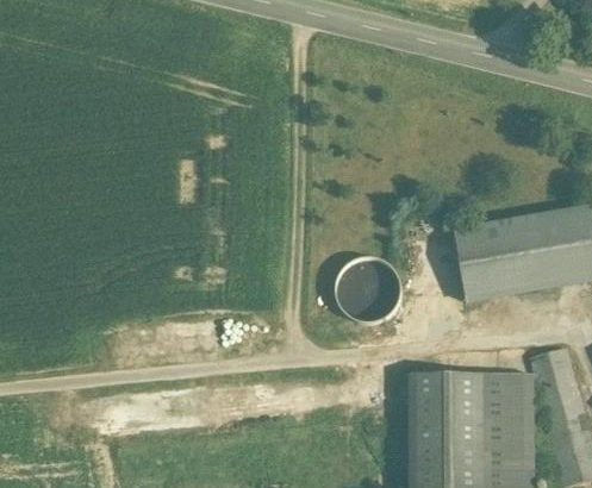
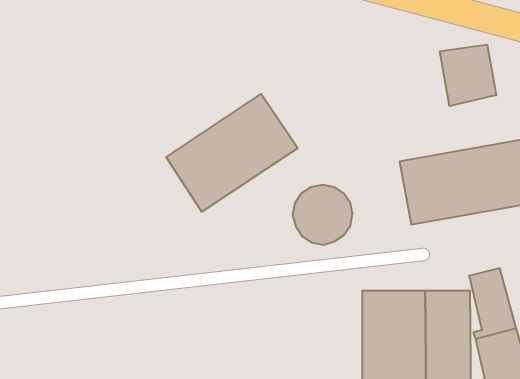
building: none -> [440,45,496,106]
building: none -> [166,94,298,212]

